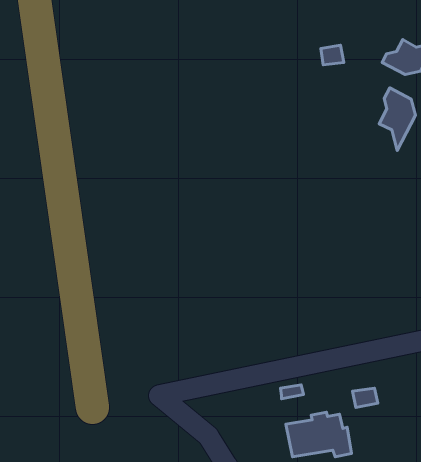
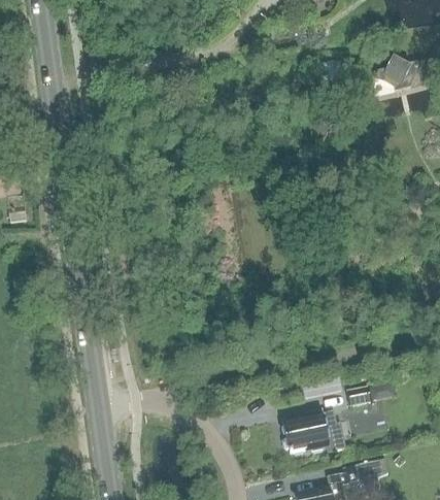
building: [379,88,415,151] -> none

